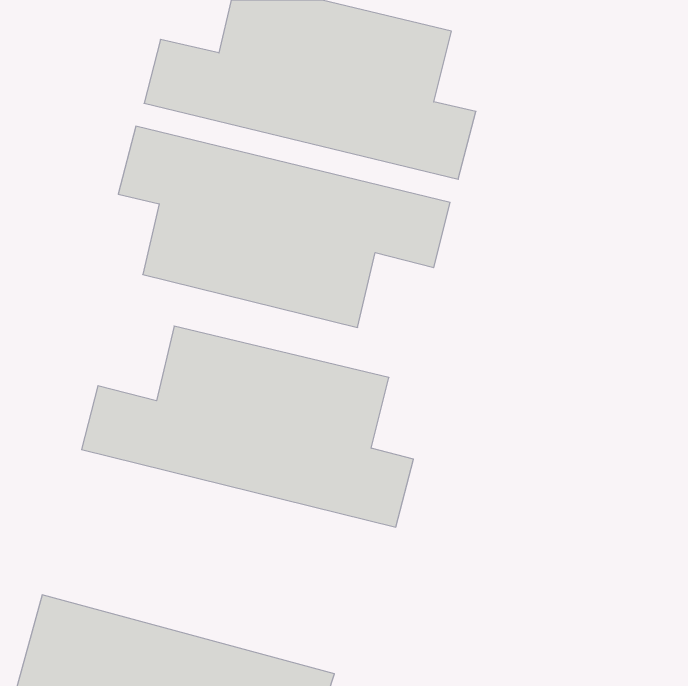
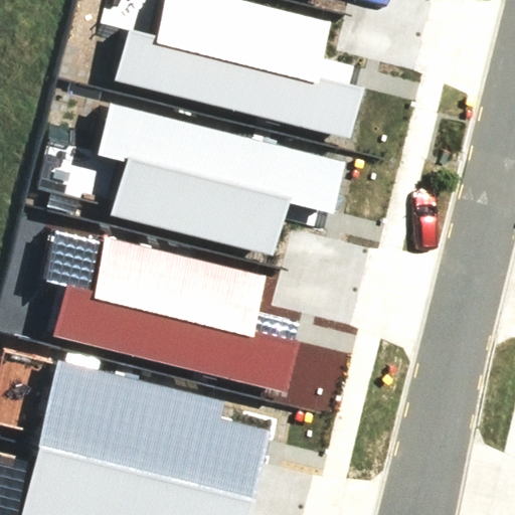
building: none -> [36,356,270,505]

